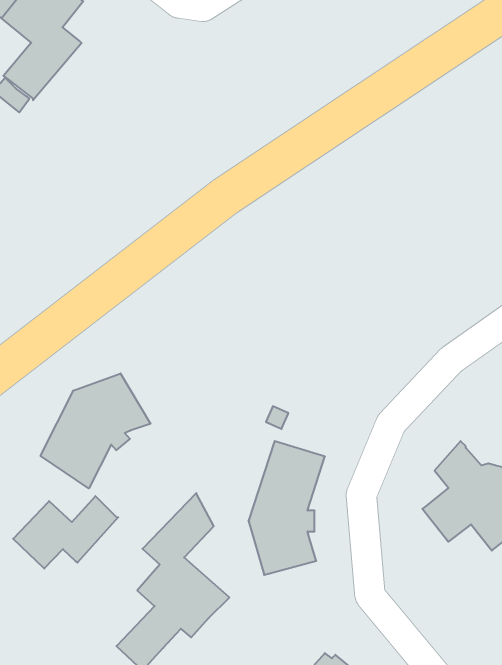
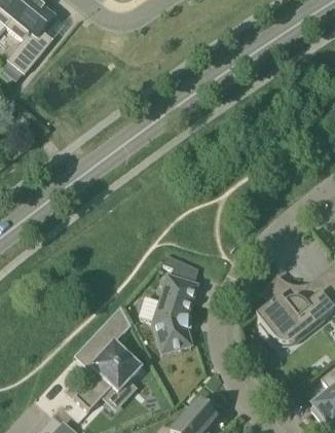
building: [41,373,151,488] -> none
building: [13,496,118,569] -> none

